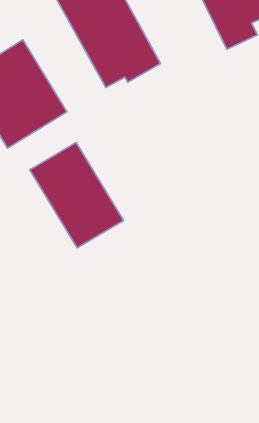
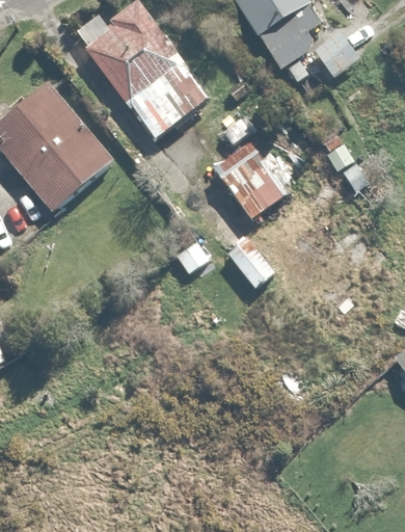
building: none -> [218,147,287,216]
building: [30,142,123,248] -> none

